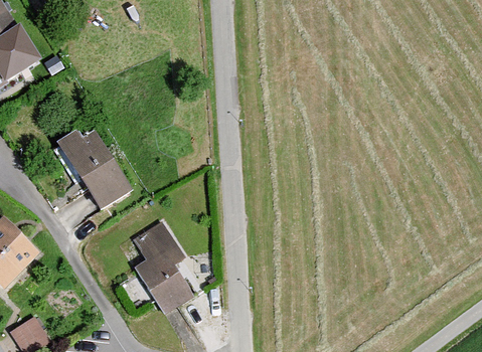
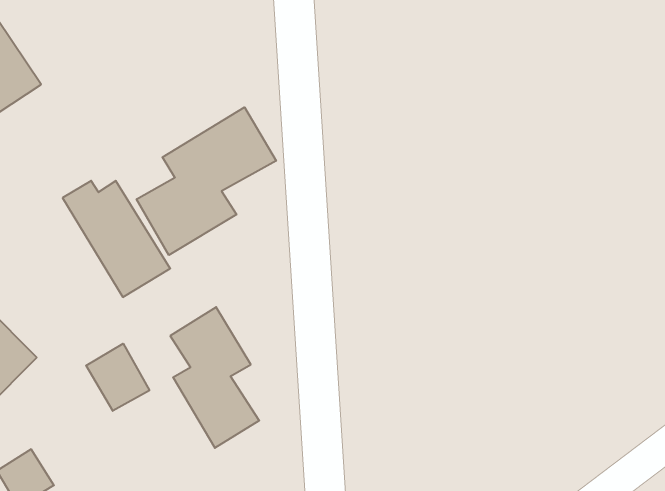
building: none -> [137,107,276,255]
building: none -> [86,344,149,411]

